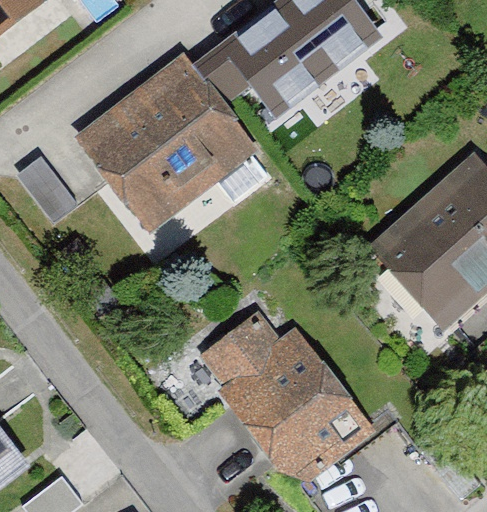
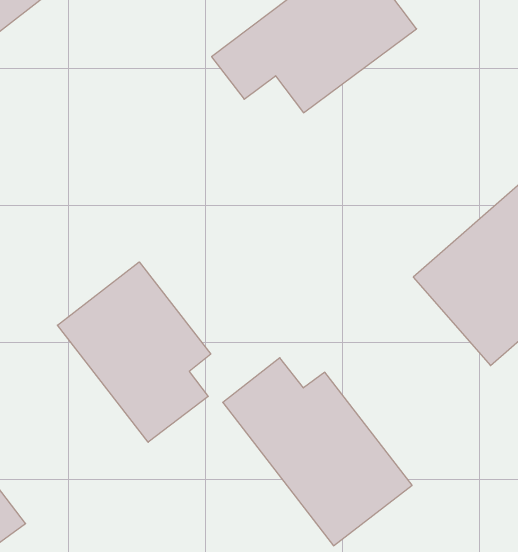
building: [76,56,259,234] -> none
building: none -> [57,262,211,442]

